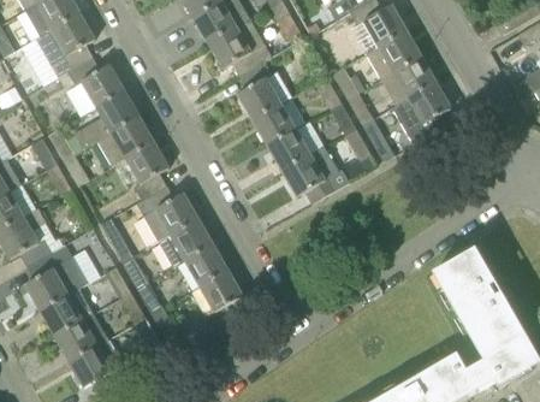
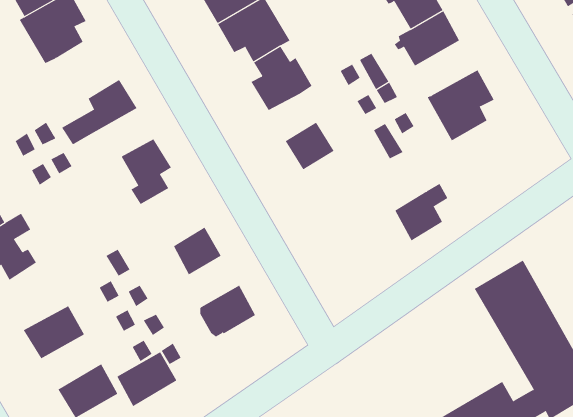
building: [380,57,435,105] -> none
building: [67,58,123,107] -> none
building: [253,104,295,144] -> none
building: [96,116,153,166] -> none
building: [283,146,330,196] -> [395,183,448,241]
building: [136,185,197,242] -> none
building: [24,243,87,309] -> none
building: [183,244,227,289] -> none
building: [54,313,107,361] -> [116,352,177,407]

